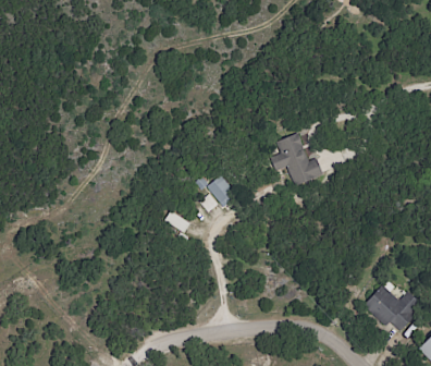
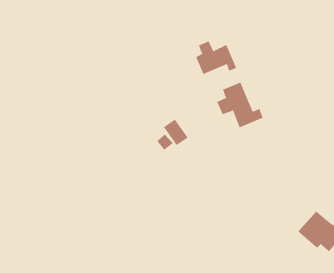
building: none -> [195,41,237,75]

